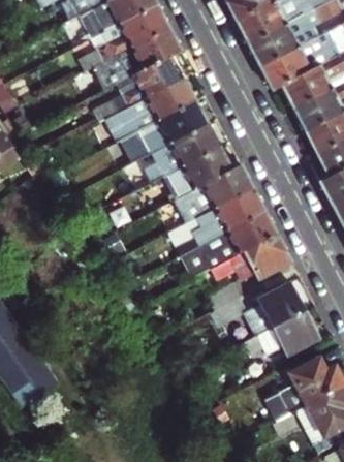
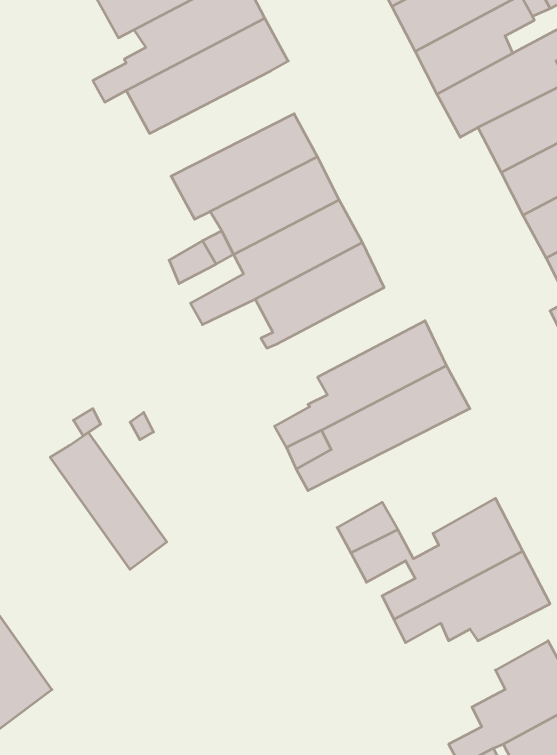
building: [93,54,184,120] -> none
building: [175,163,253,221] -> none
building: [191,233,292,290] -> none
building: none -> [50,433,167,569]

